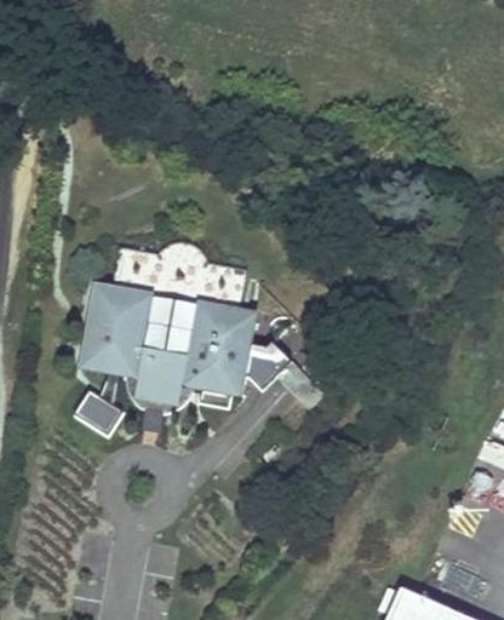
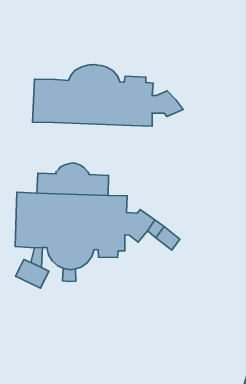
building: none -> [33,65,183,126]

